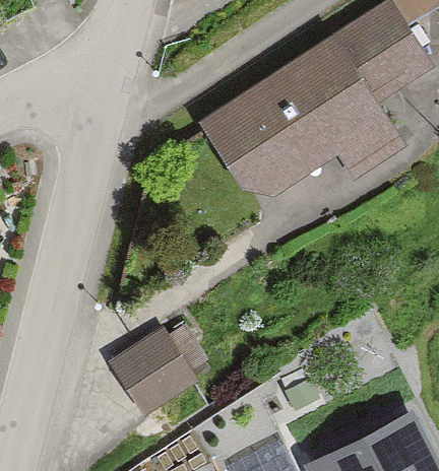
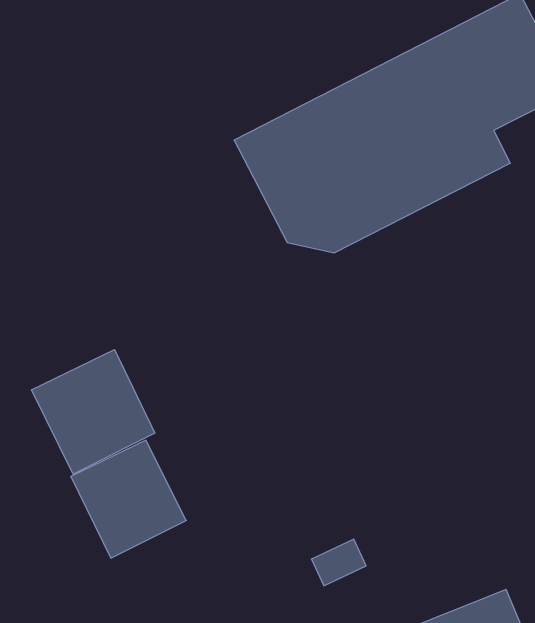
building: none -> [32,350,155,474]

